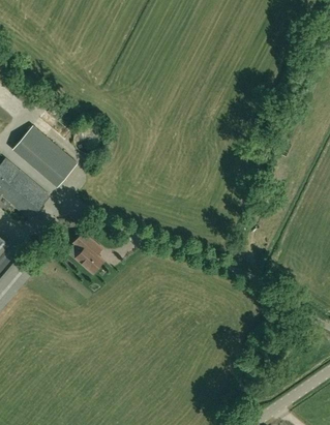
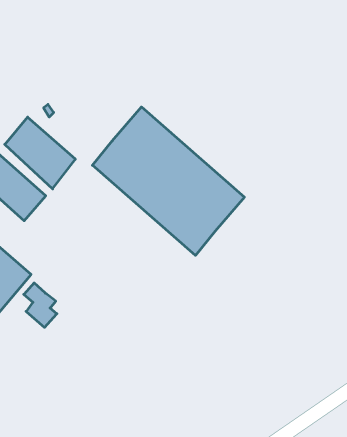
building: none -> [92,107,244,255]
building: [73,233,103,273] -> [24,283,57,327]

